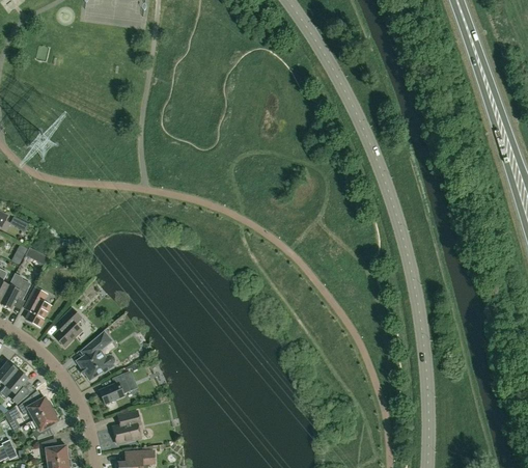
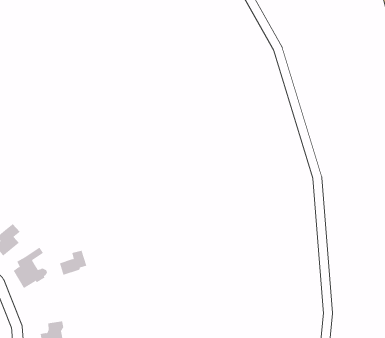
building: [100,374,131,404] -> [59,250,87,276]

